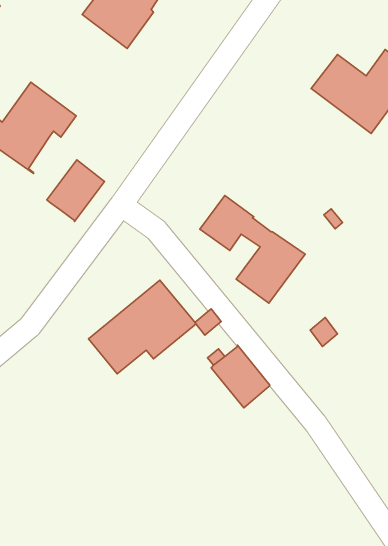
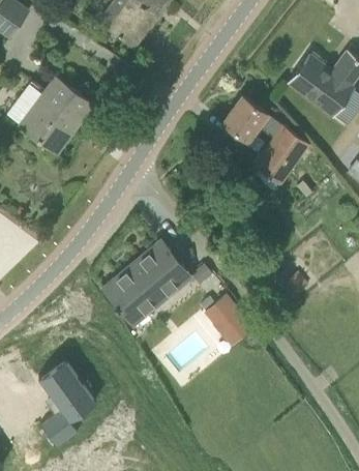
building: [47,160,104,222] -> none
building: [200,195,305,303] -> [222,96,309,185]
building: none -> [36,358,94,446]

